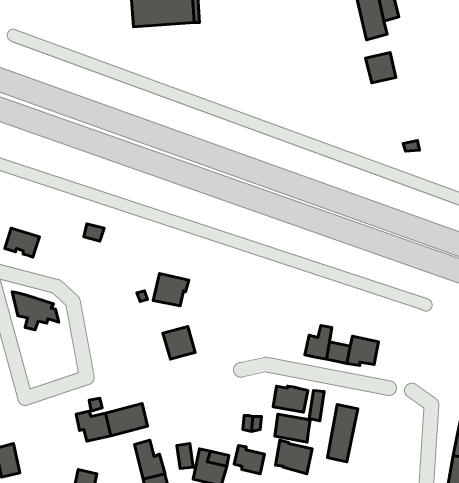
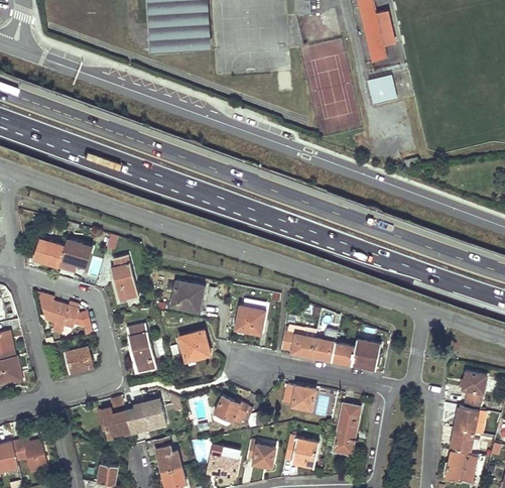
building: none -> [60,240,93,267]
building: none -> [110,255,138,300]
building: none -> [235,307,264,335]
building: none -> [127,324,156,371]
building: none -> [281,333,315,357]
building: none -> [64,347,93,373]
building: none -> [212,399,252,428]
building: [275,414,310,442] -> none

